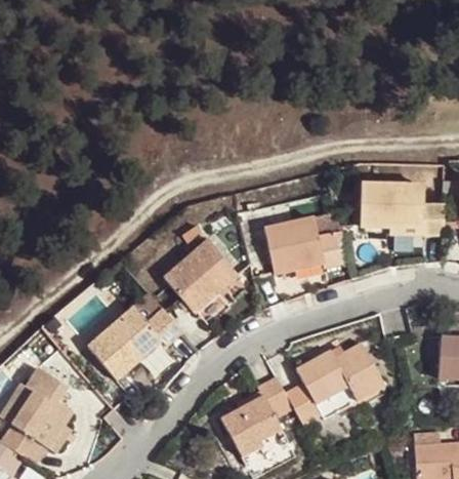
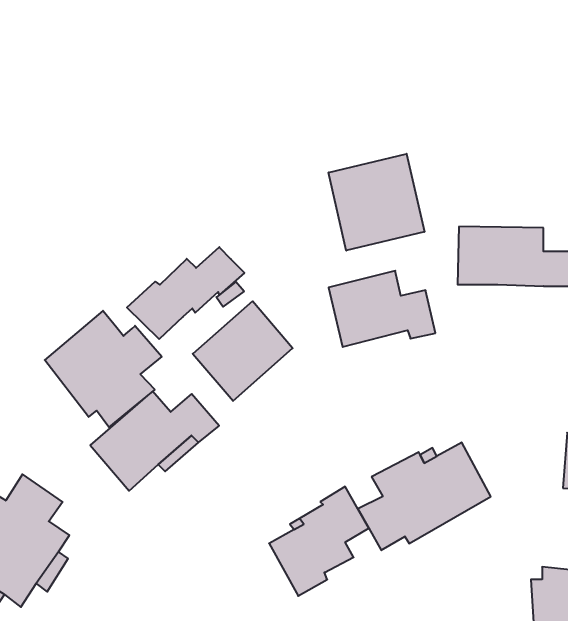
building: none -> [329,154,424,251]
building: none -> [127,247,244,339]
building: none -> [45,311,162,427]

